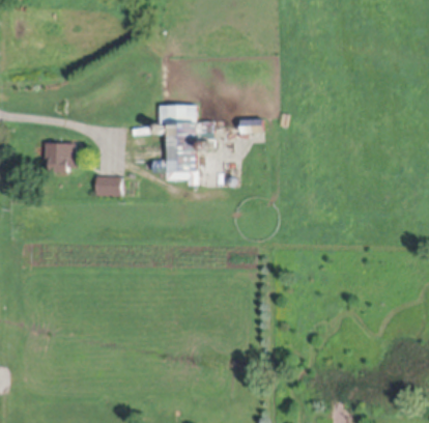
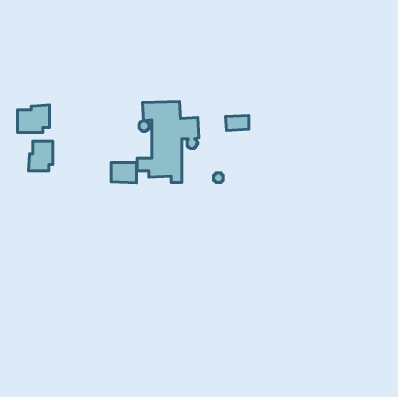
building: none -> [17,105,50,132]
building: [94,175,119,195] -> [111,163,137,183]

